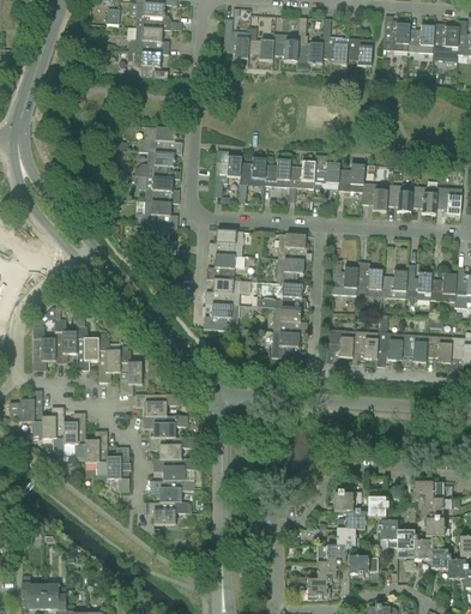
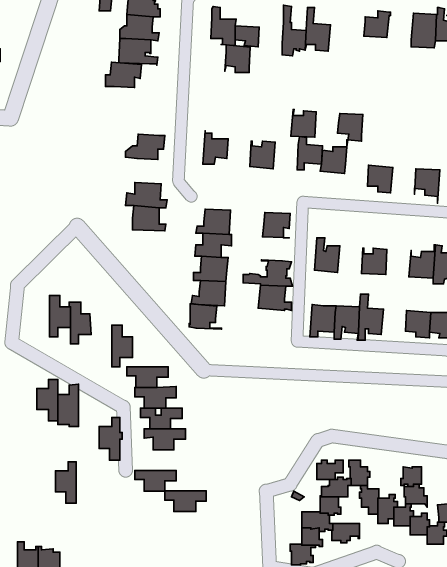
building: [406,25,434,53] -> none
building: [272,32,298,61] -> [225,45,250,72]
building: [345,37,373,66] -> none
building: [139,126,176,152] -> [106,62,141,88]
building: [240,156,265,185] -> none
building: [288,159,314,188] -> [291,110,316,137]
building: [131,175,173,203] -> none
building: [361,182,387,211] -> [337,113,363,141]
building: [410,186,436,213] -> none
building: [276,258,304,283] -> none
building: [355,260,381,296] -> none
building: [405,271,431,300] -> none
building: [34,326,55,369] -> none
building: [271,332,304,359] -> [189,304,221,329]
building: [400,333,427,361] -> none
building: [97,338,120,381] -> none
building: [8,390,42,433] -> none
building: [85,431,107,474] -> [55,462,76,503]
building: [150,480,193,501] -> [165,491,206,512]
building: [411,481,443,502] -> none

